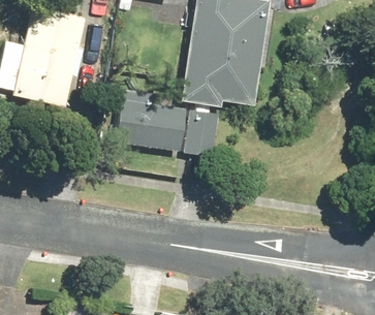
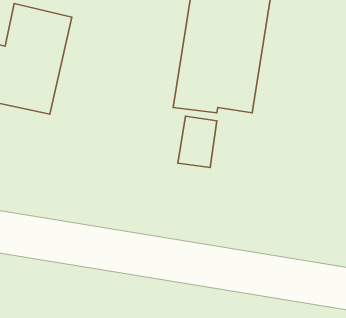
building: [116,88,188,152] -> none

